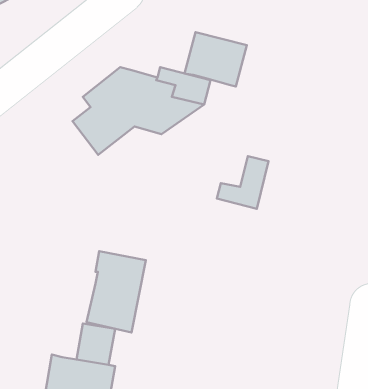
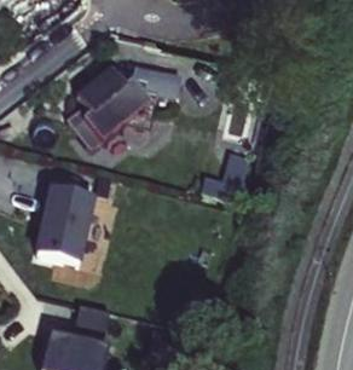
building: [184,32,247,86] -> none
building: [86,251,146,332] -> [36,190,92,266]

